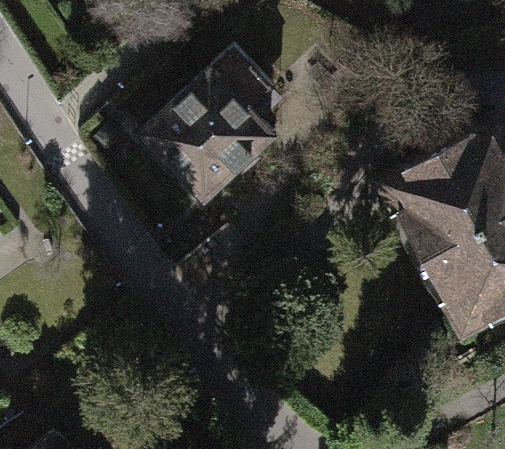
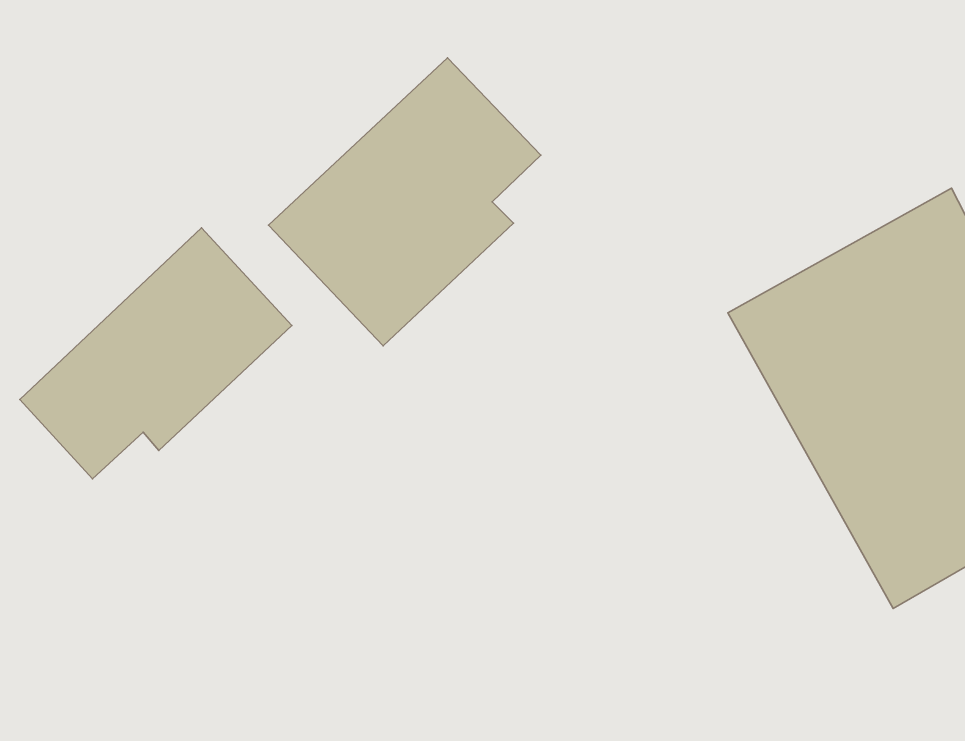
building: none -> [20,228,292,479]

